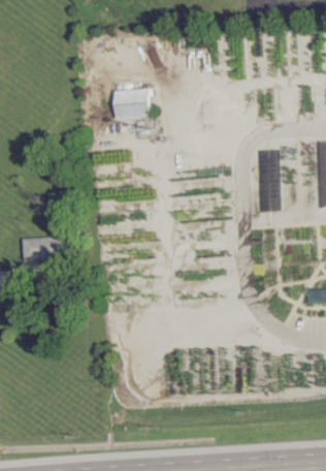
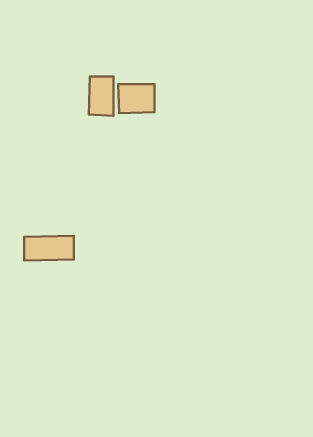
building: none -> [89,77,114,116]

